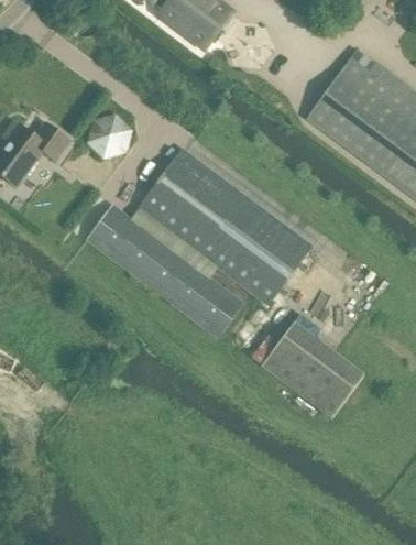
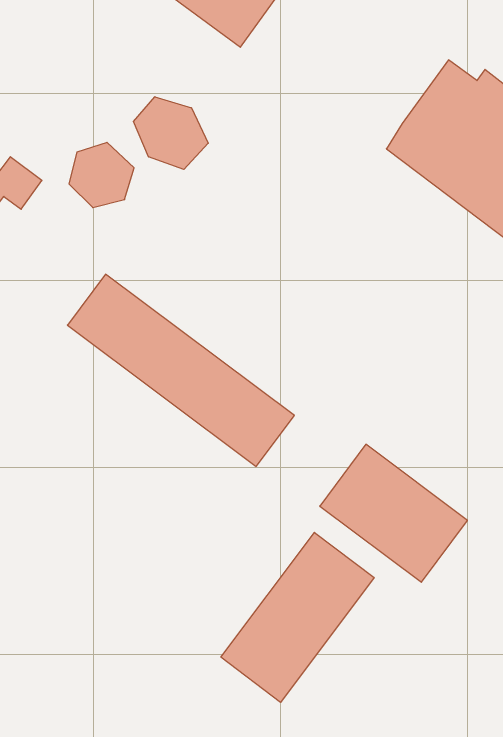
building: none -> [133,97,208,169]
building: [138,149,310,304] -> none
building: none -> [221,532,374,702]

